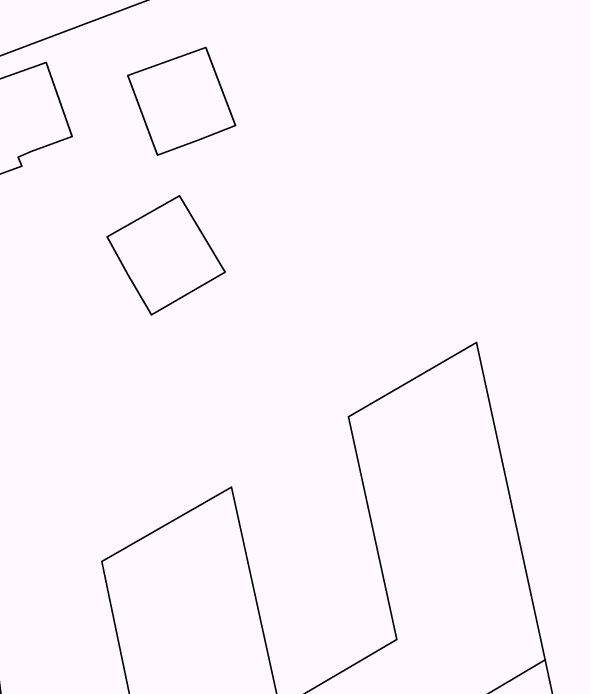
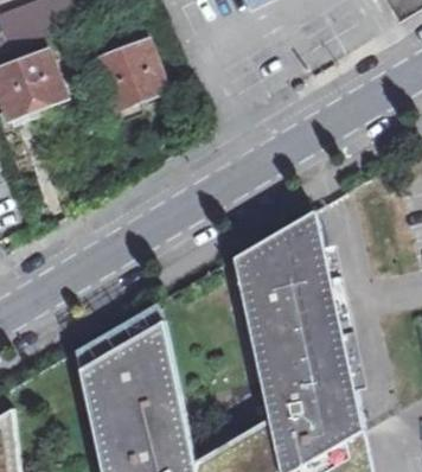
building: [107,196,225,315] -> none

